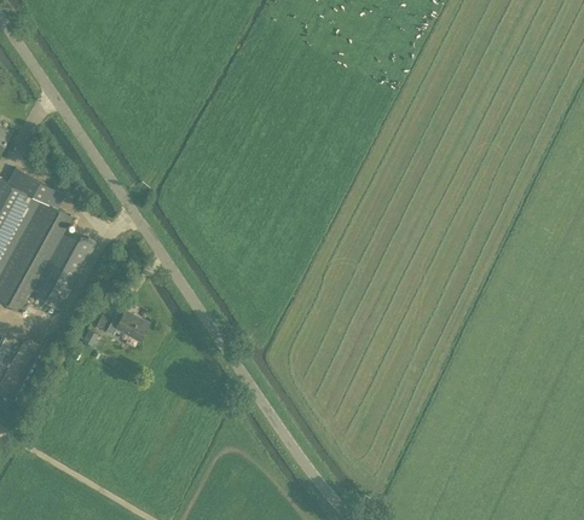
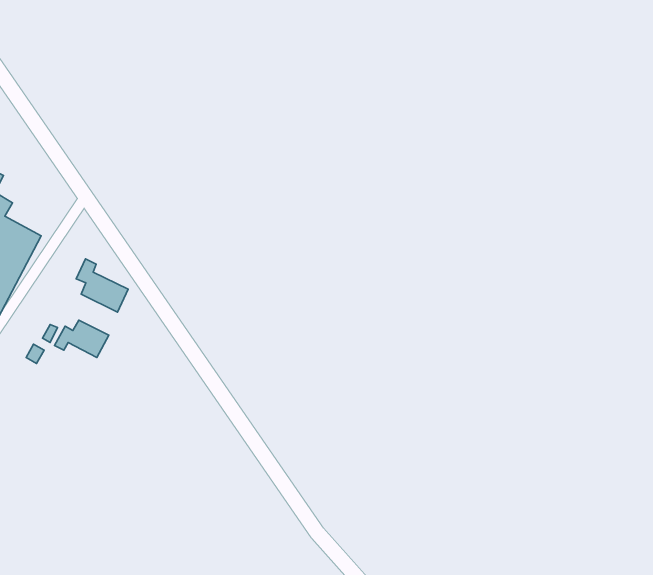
building: none -> [76,259,128,312]

